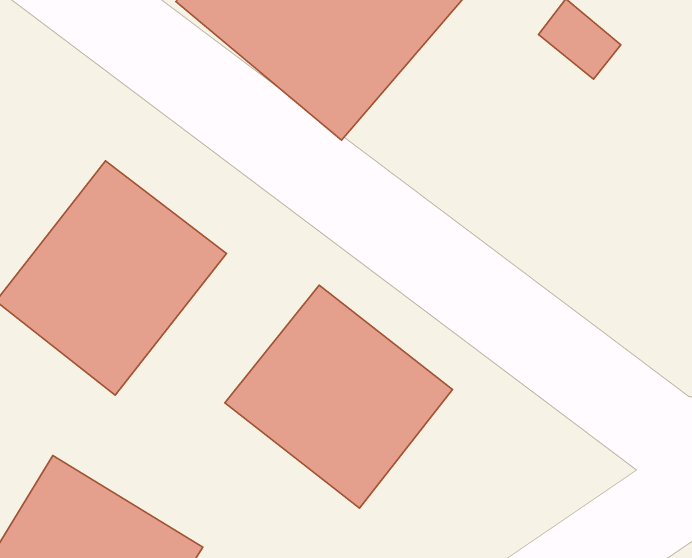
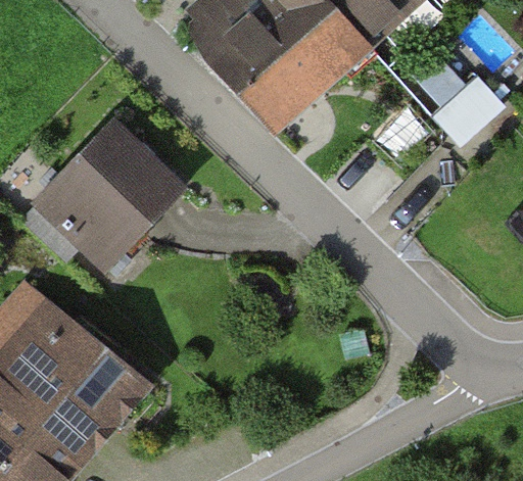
building: [225,285,452,508] -> none

